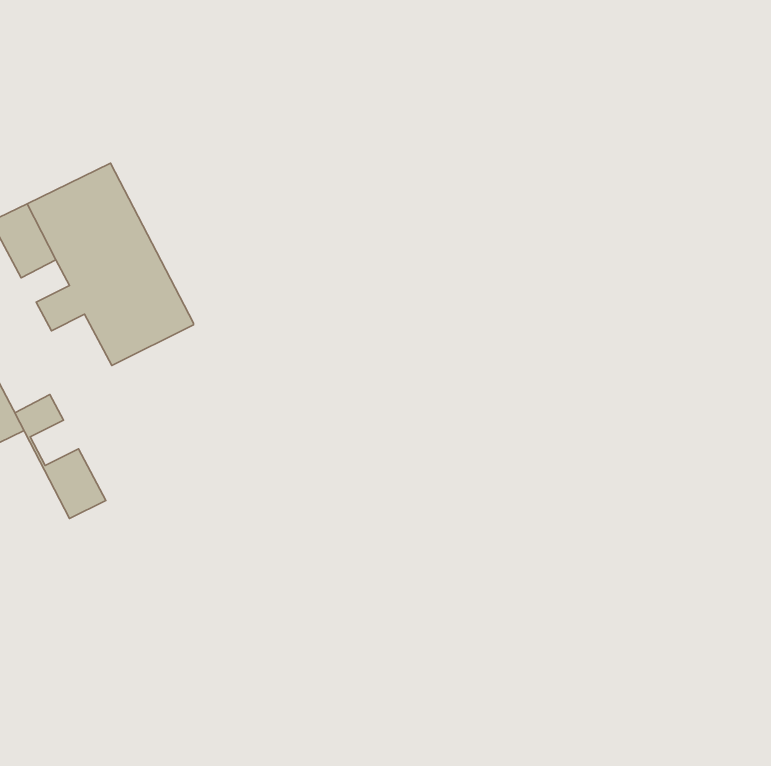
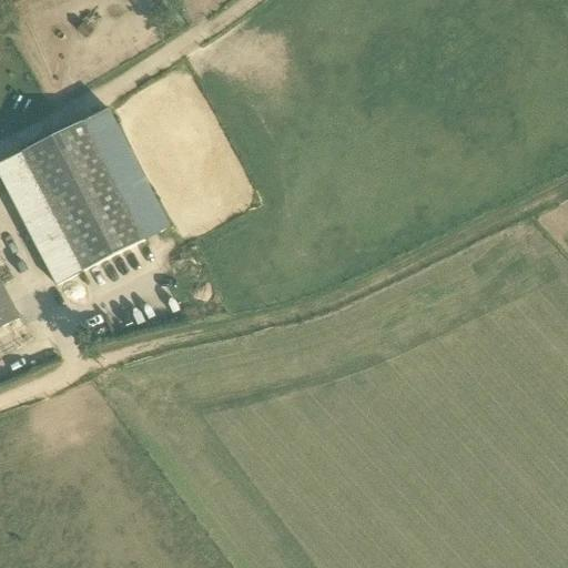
building: none -> [81,106,169,237]
building: [15,395,106,518] -> [16,191,82,282]

